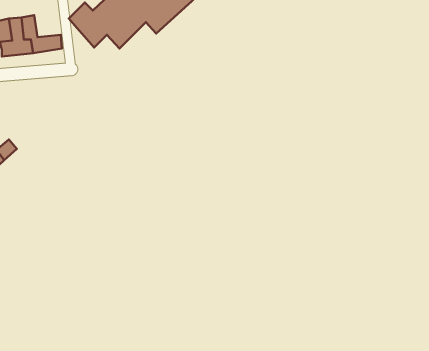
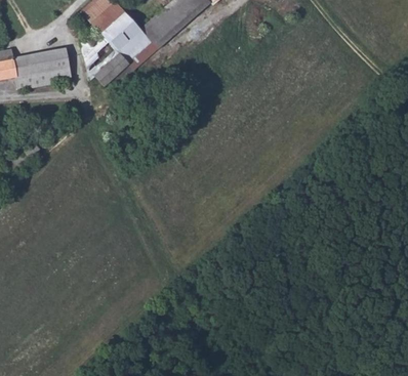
building: none -> [44,48,68,70]

